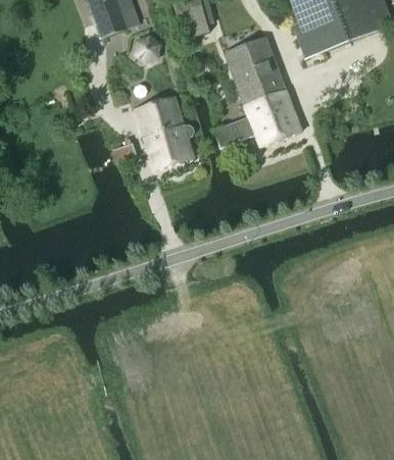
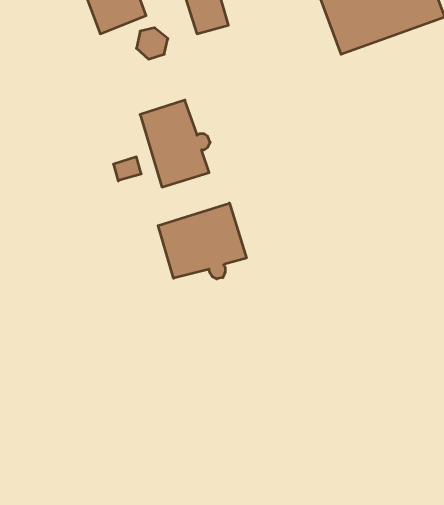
building: [214,37,301,147] -> none
building: none -> [158,203,246,279]

